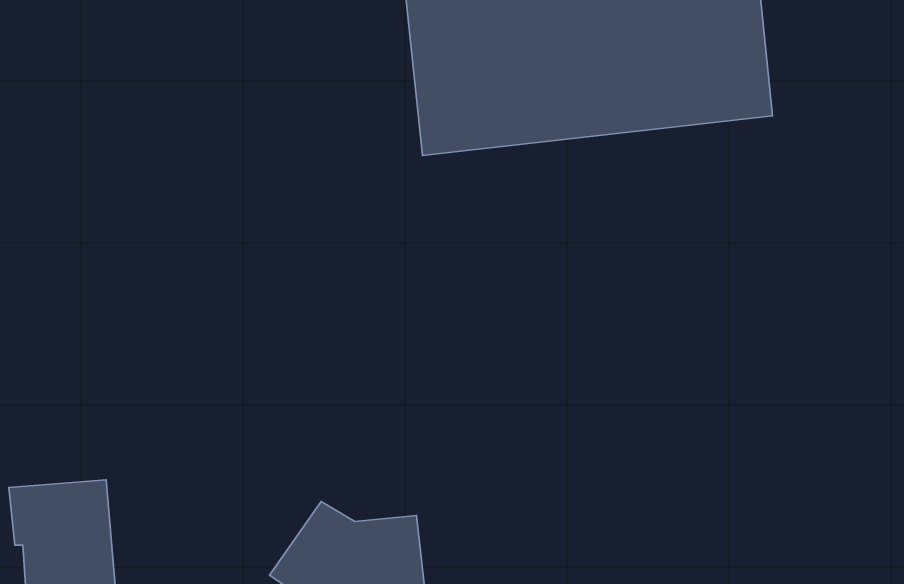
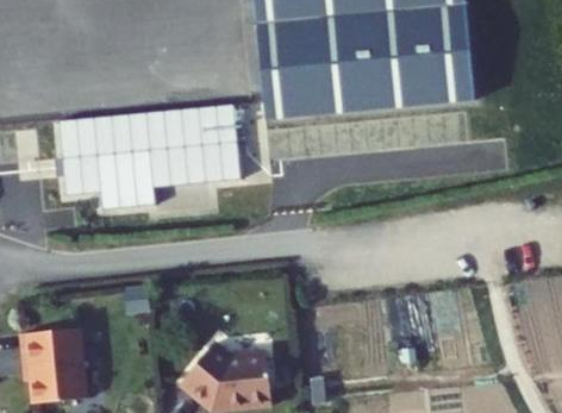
building: none -> [58,104,239,208]

